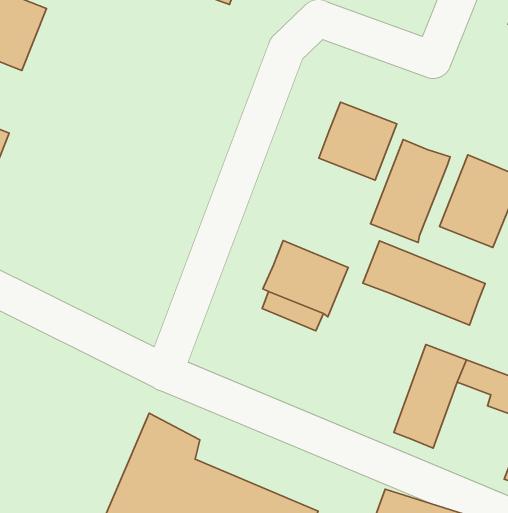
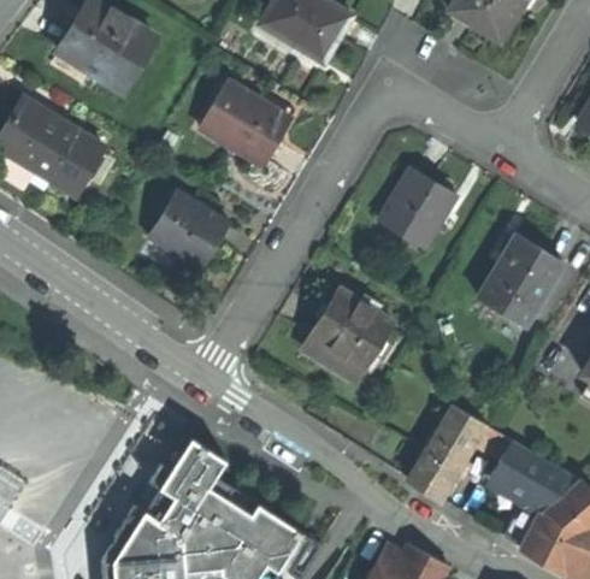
building: none -> [199,82,296,167]
building: [370,139,450,242] -> none
building: none -> [146,189,228,270]
building: [363,241,485,325] -> none

